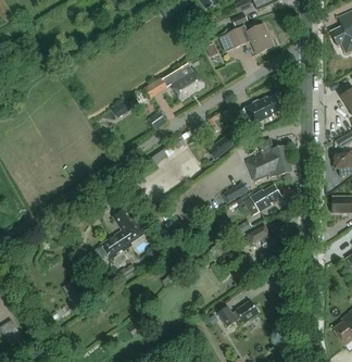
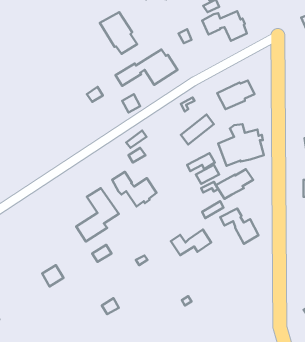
building: none -> [100,12,137,54]
building: none -> [112,172,156,207]
building: [217,300,259,326] -> [171,230,211,255]

